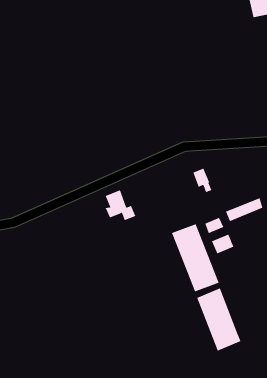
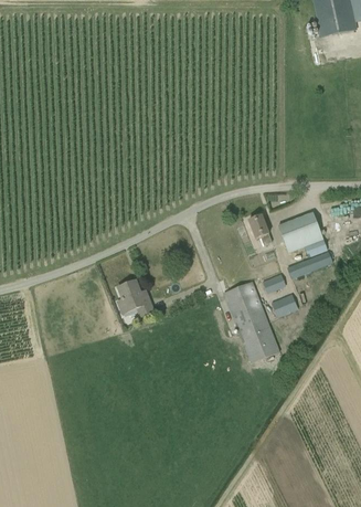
building: none -> [277,210,327,257]
building: [105,189,136,221] -> [117,278,155,316]
building: [196,288,241,351] -> none

